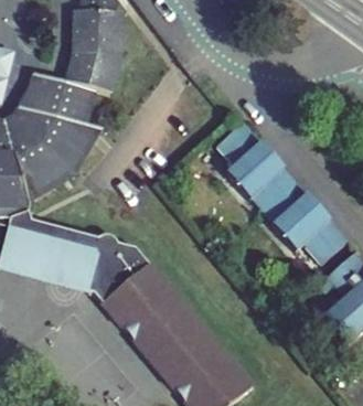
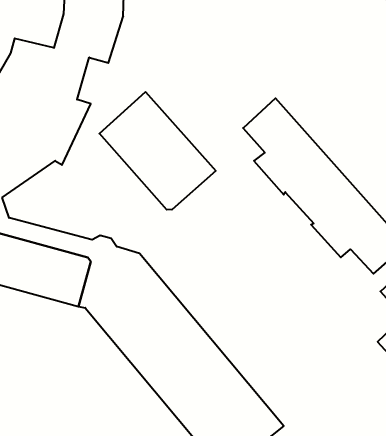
building: none -> [99,92,216,210]

